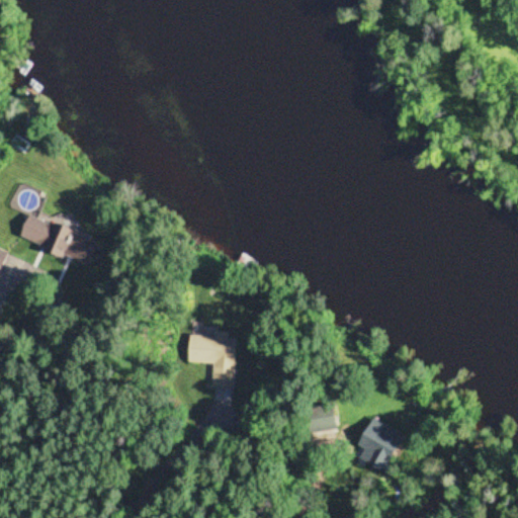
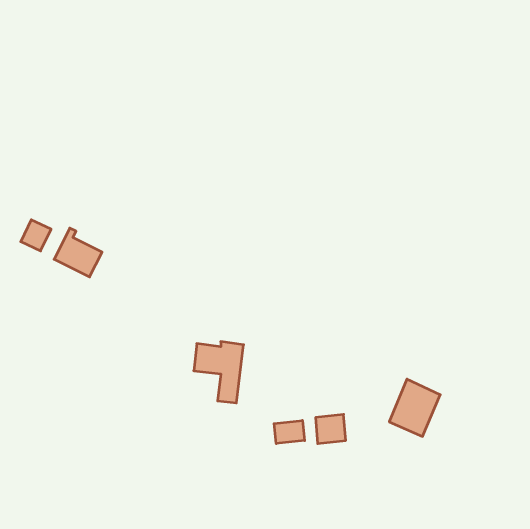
building: none -> [274,420,305,444]
building: [354,418,404,473] -> [389,379,440,436]

